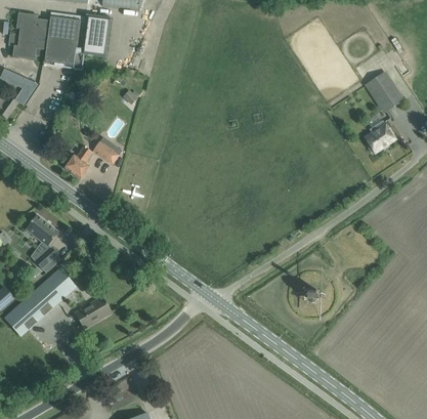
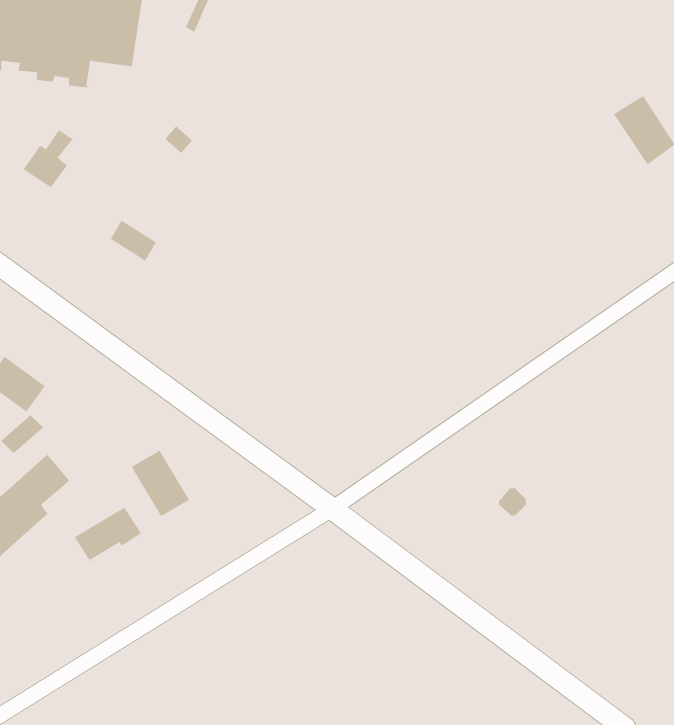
building: [365,120,396,152] -> none
building: [65,145,92,177] -> [23,130,74,188]
building: none -> [131,450,190,517]

